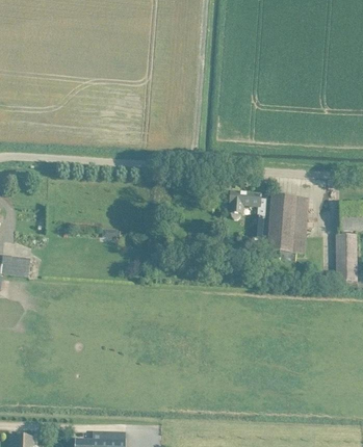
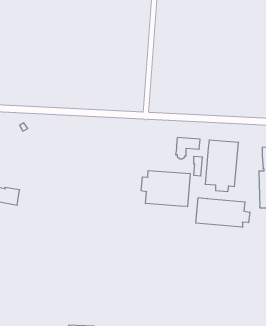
building: none -> [141,171,190,207]
building: none -> [196,198,250,227]

